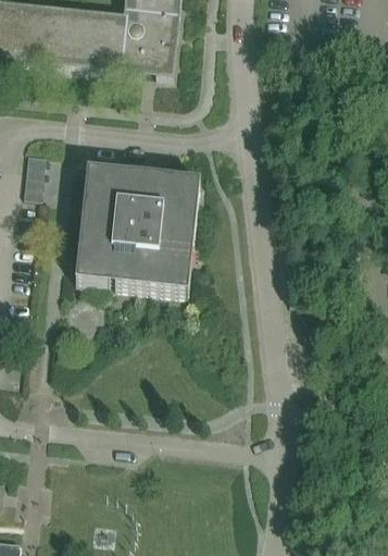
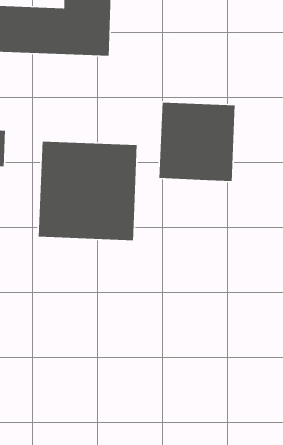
building: none -> [159,102,236,182]

